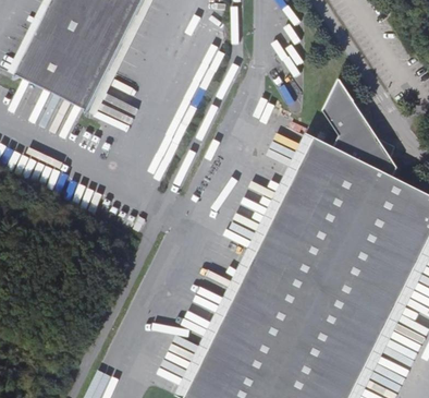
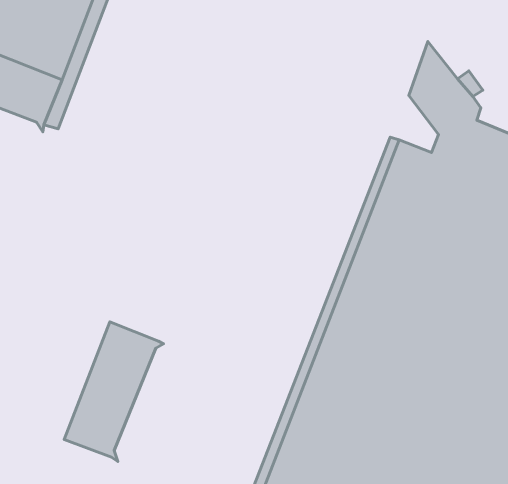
building: none -> [64,322,163,461]

